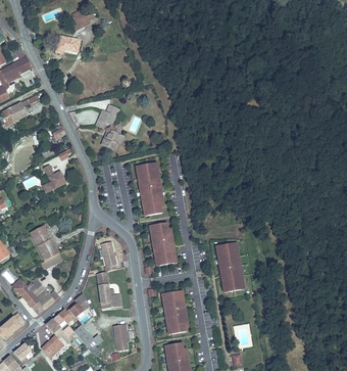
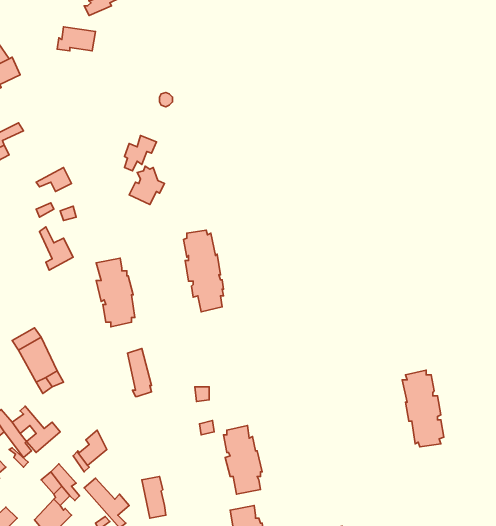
building: [152,223,177,267] -> [96,258,135,327]
building: [218,242,245,291] -> [402,370,444,447]
building: [97,271,121,305] -> none

